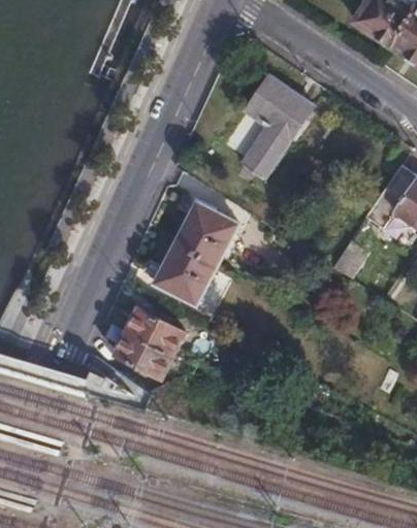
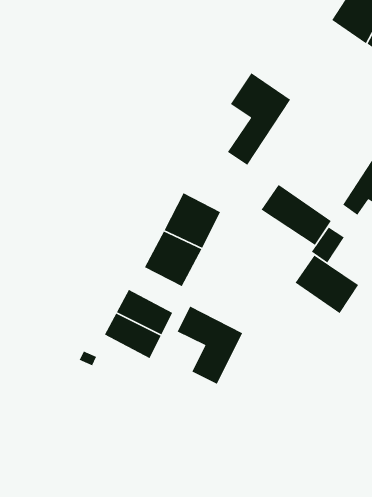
building: none -> [260,184,332,246]
building: none -> [295,255,359,314]
building: none -> [176,306,243,385]

